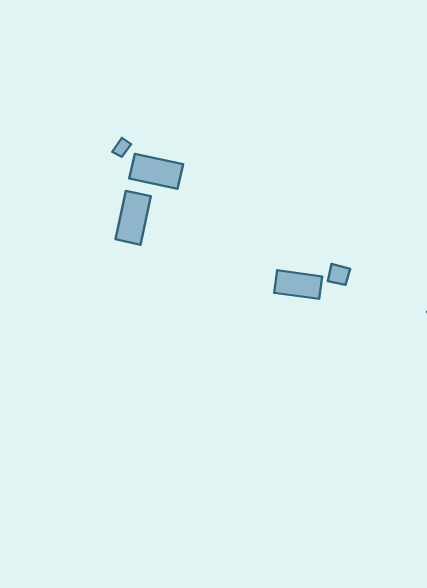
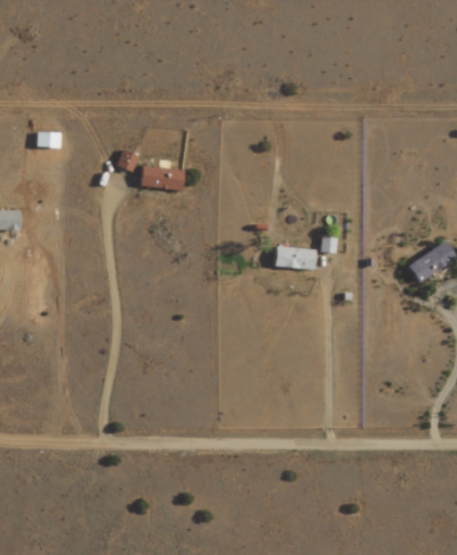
building: [115,191,151,245] -> none

